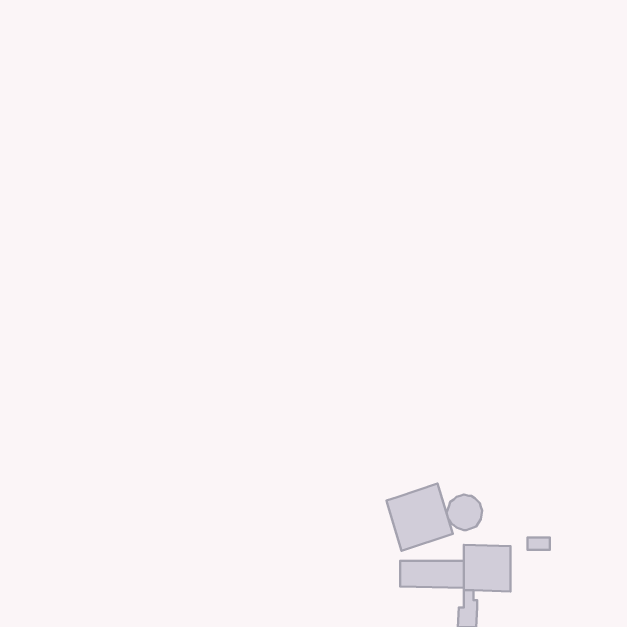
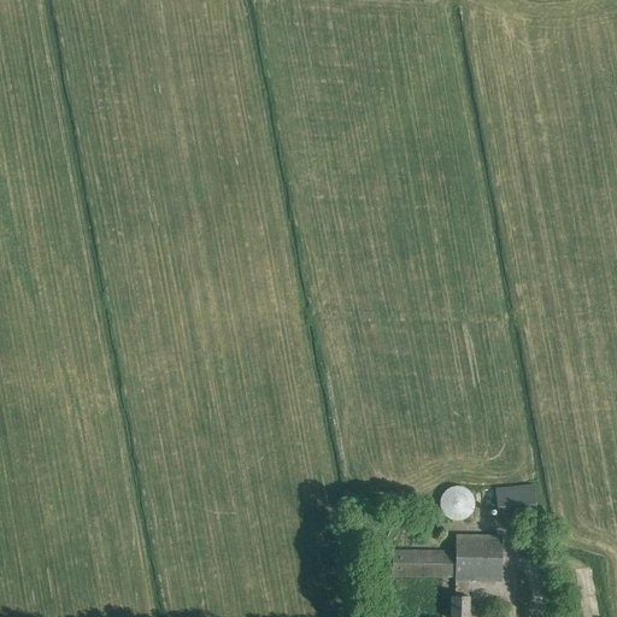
building: [386,483,453,551] -> none
building: none -> [495,484,535,516]

